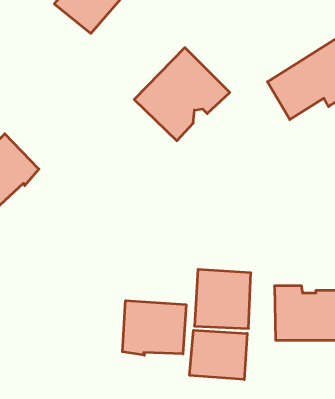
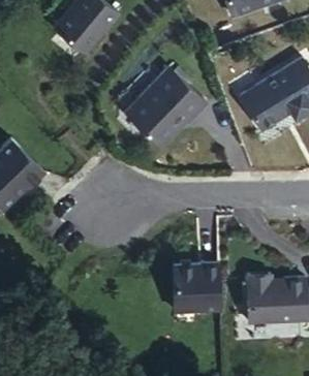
building: [122,301,186,355] -> none
building: [190,330,247,380] -> none

